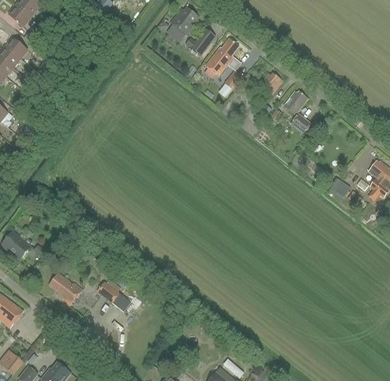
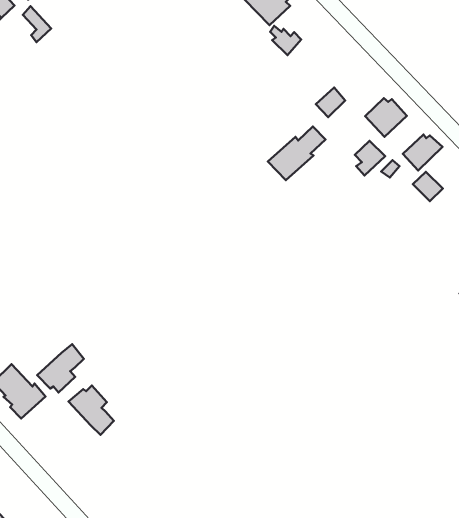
building: [204,39,238,75] -> [268,127,325,180]
building: none -> [37,344,84,392]

